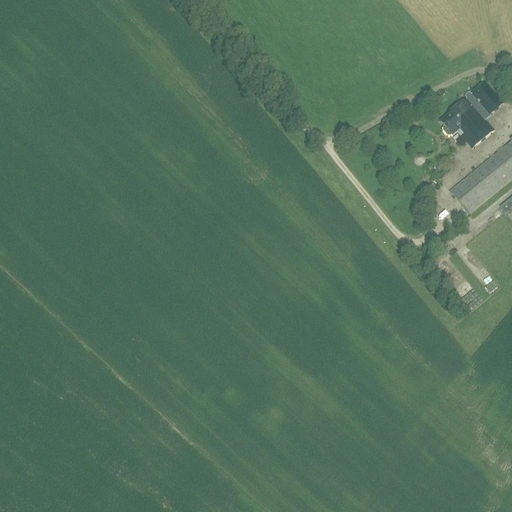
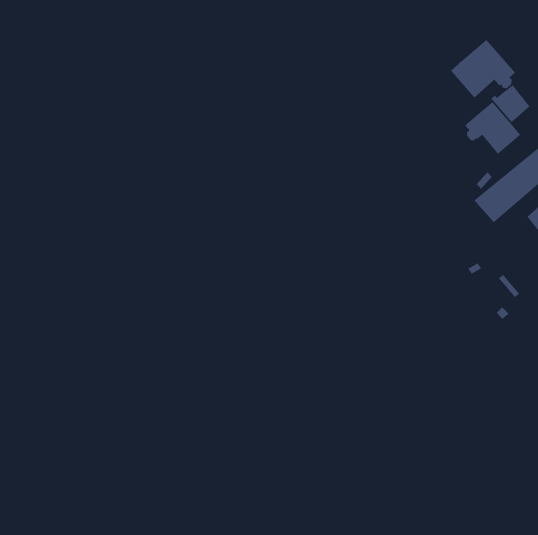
building: none -> [450,39,516,99]

